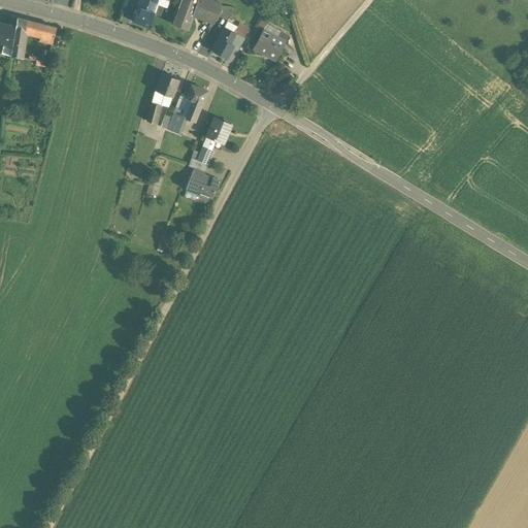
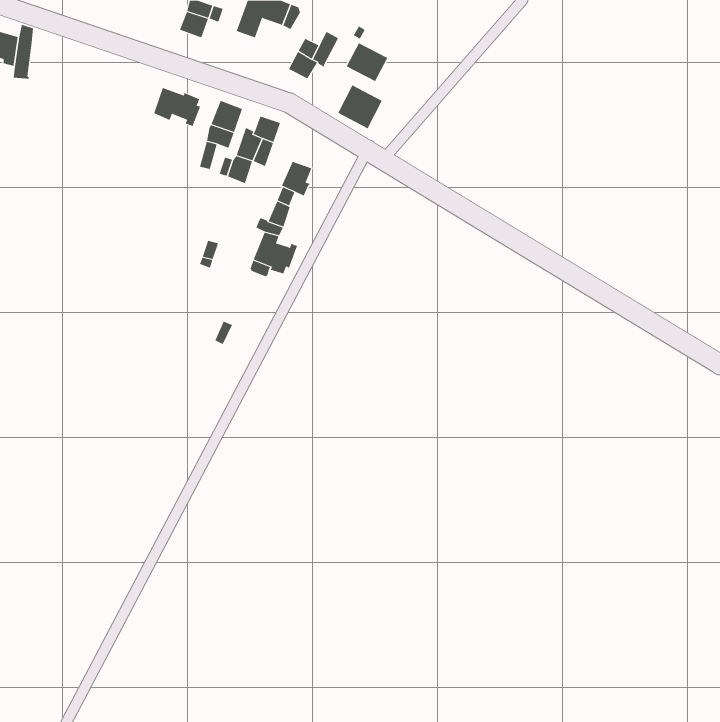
building: [24,21,55,43] -> none
building: none -> [337,84,383,129]
building: none -> [153,87,201,127]

